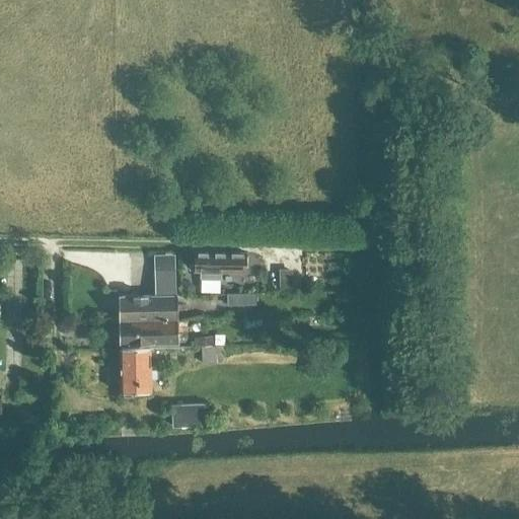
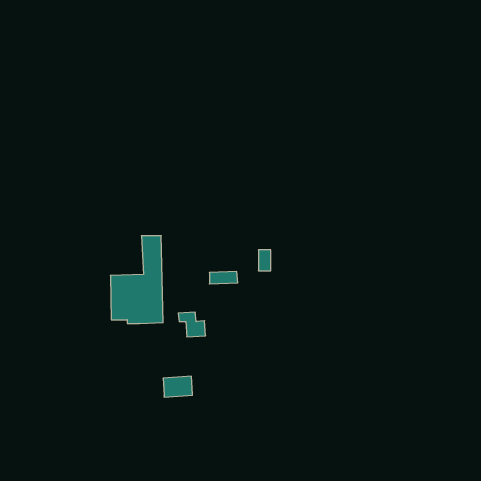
building: [189,250,247,280] -> none
building: [121,349,155,393] -> none

